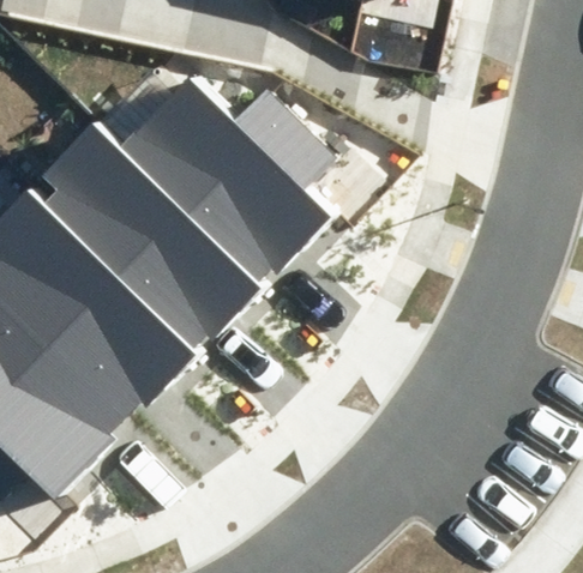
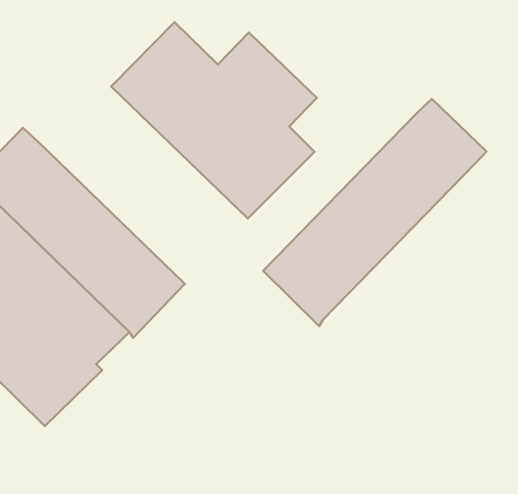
building: [41,119,265,350] -> none
building: none -> [263,99,487,326]

